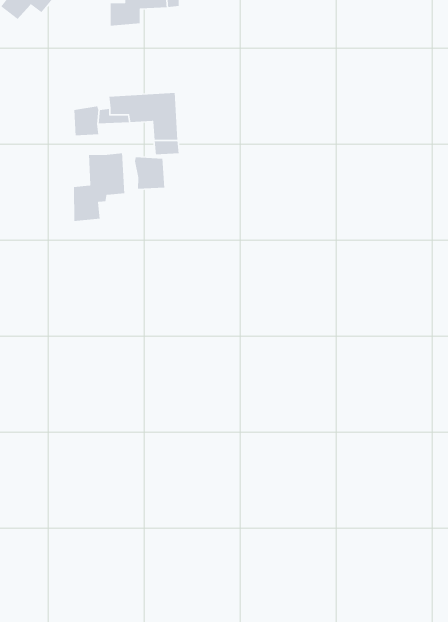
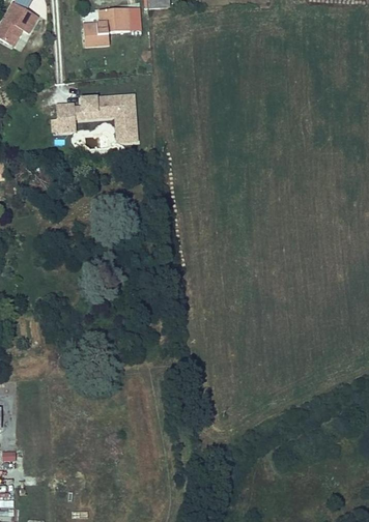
building: [73,152,125,222] -> none
building: [134,157,165,190] -> none

